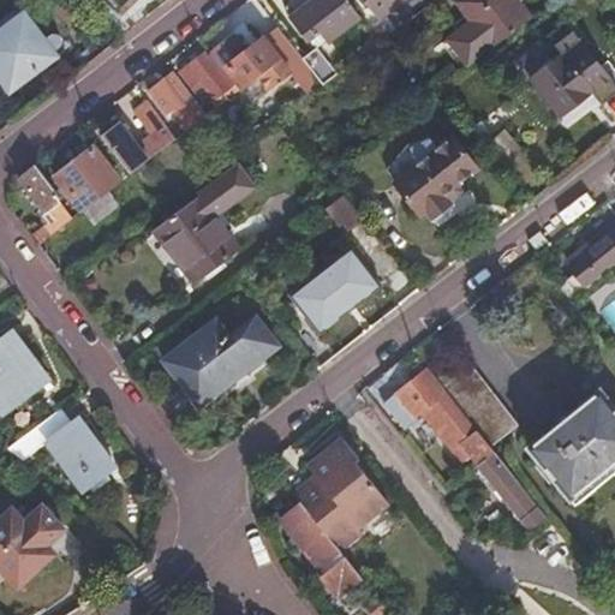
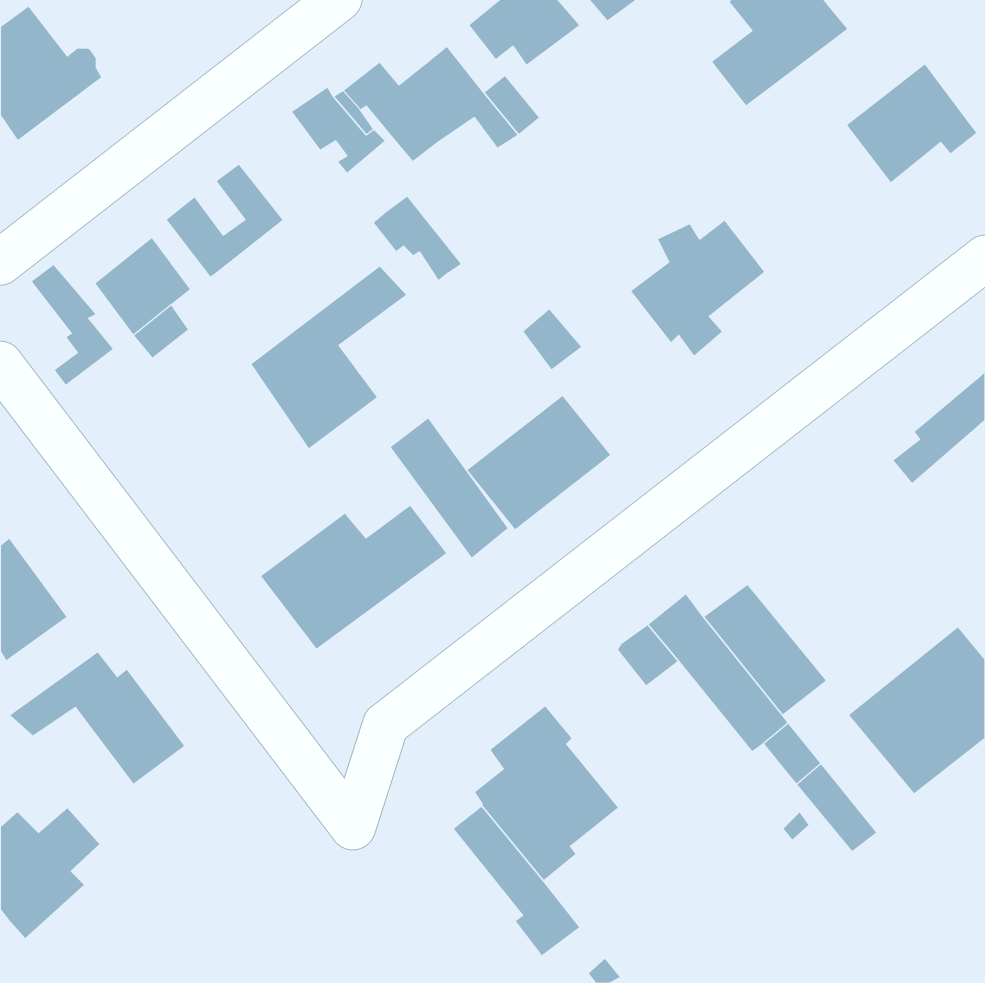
building: [149,74,204,127] -> [373,196,461,281]
building: none -> [390,418,509,558]

